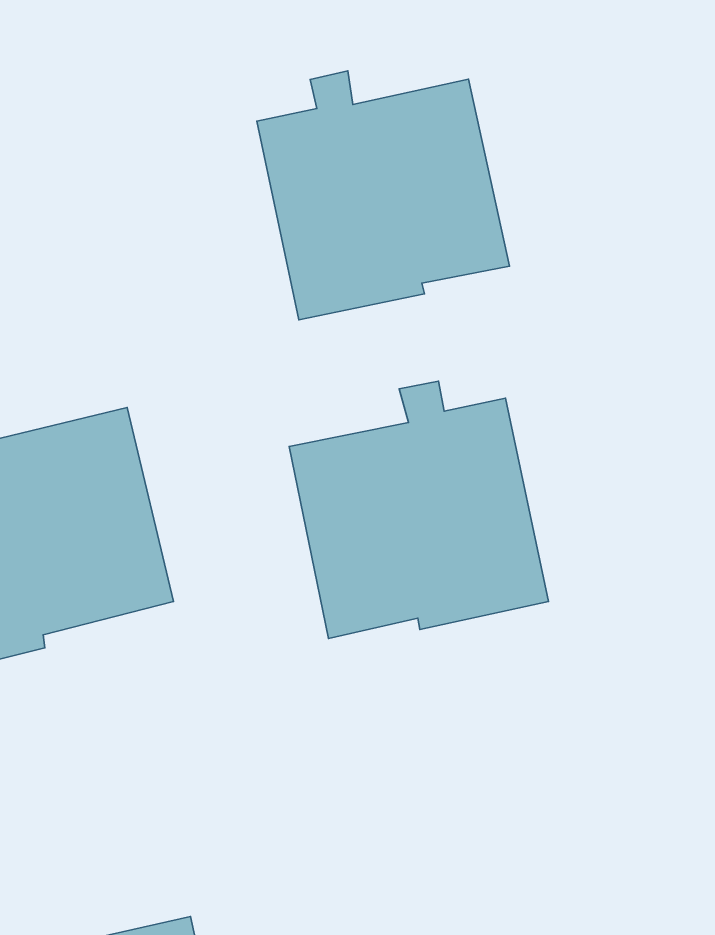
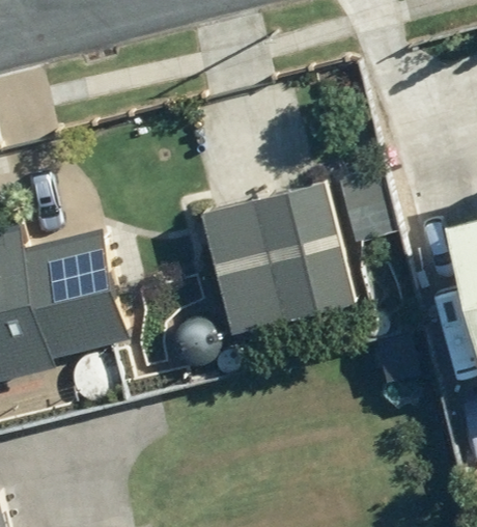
building: [257,71,509,320] -> none

